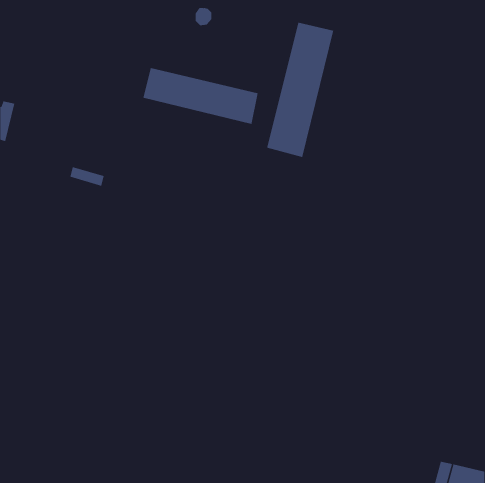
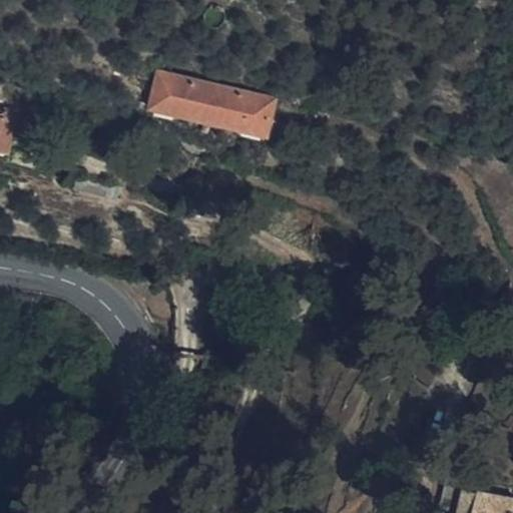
building: [267,22,334,158] -> none

